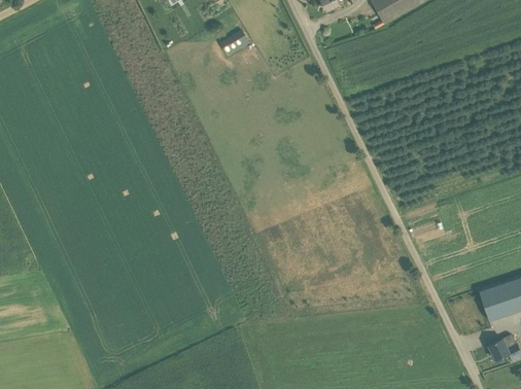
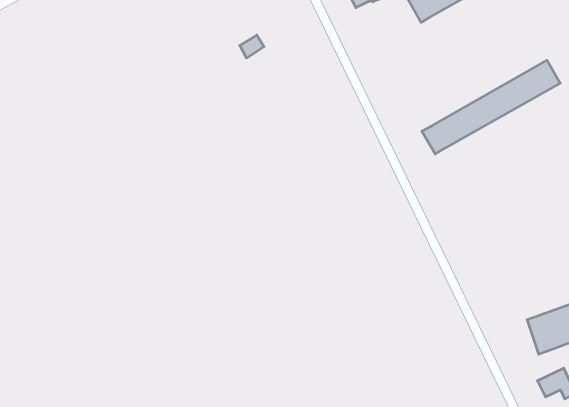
building: none -> [422,60,560,154]

